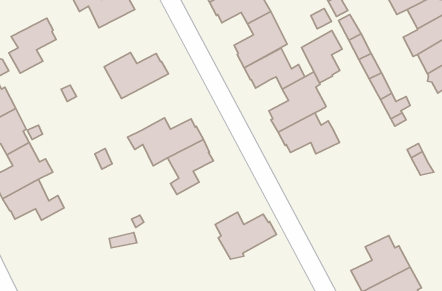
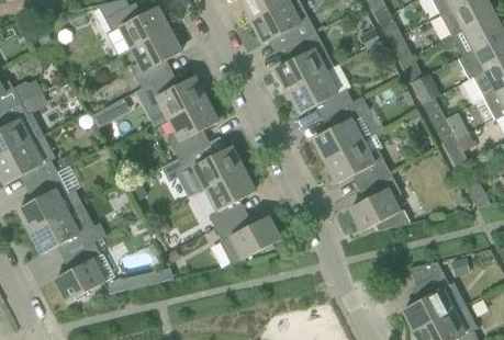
building: [9,18,56,73] -> [130,29,180,88]
building: [301,31,342,83] -> none
building: none -> [167,98,217,158]
building: none -> [350,171,411,230]
building: none -> [55,241,115,302]
building: [215,212,277,259] -> [215,214,281,264]

